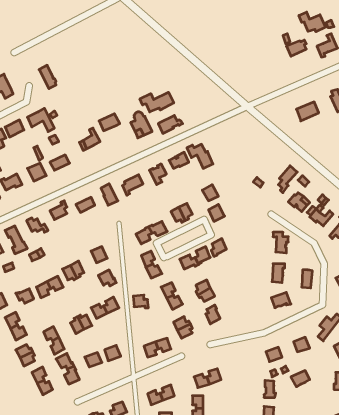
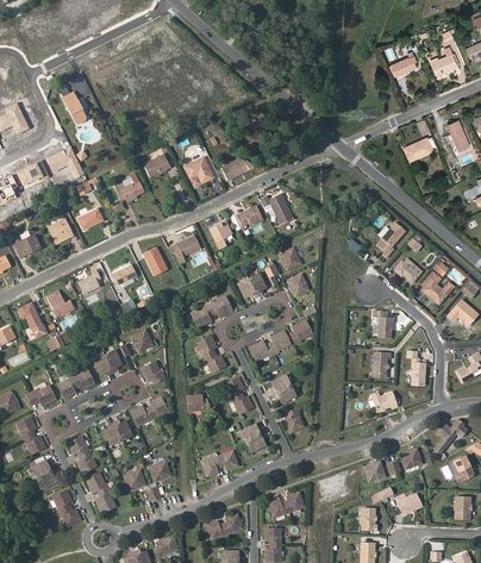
building: [299,12,325,32] -> none
building: [140,92,174,112] -> none

